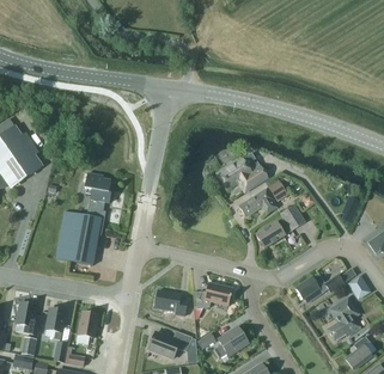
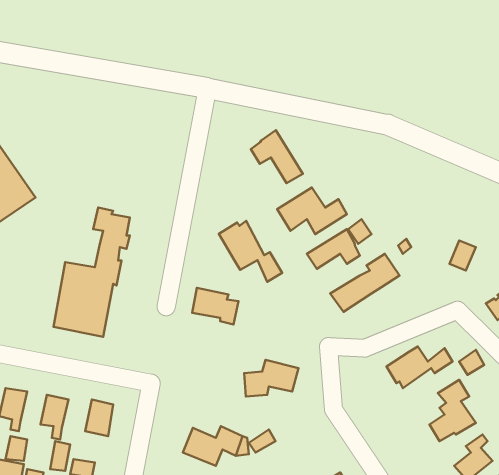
building: none -> [251,130,303,183]
building: none -> [219,221,282,282]
building: [154,289,188,315] -> [192,288,238,324]
building: [213,325,249,357] -> none

